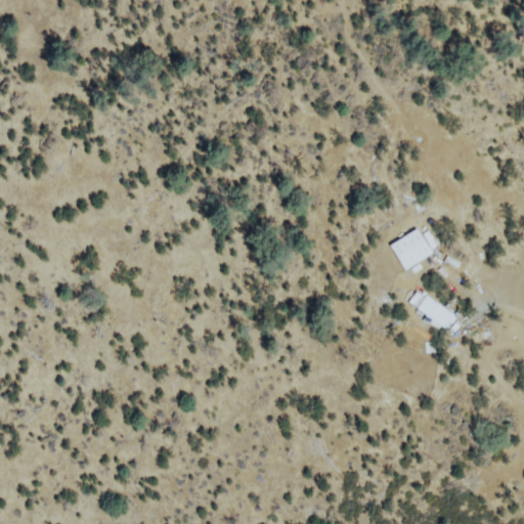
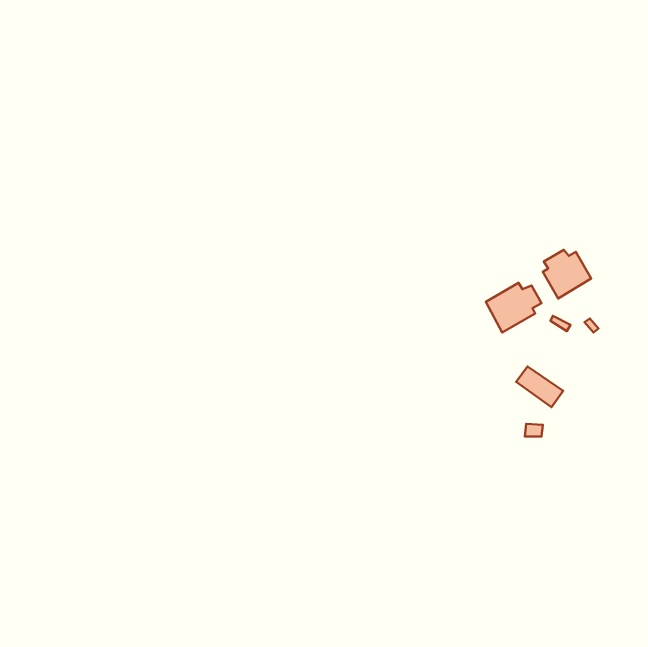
building: none -> [543,250,591,298]

